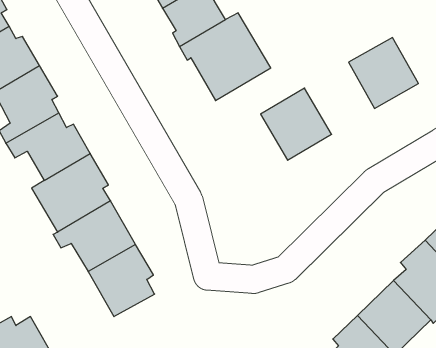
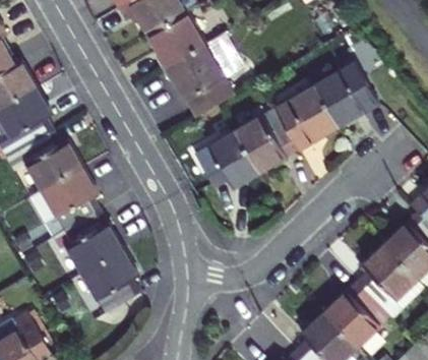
building: none -> [276,83,339,148]
building: none -> [194,130,260,188]

